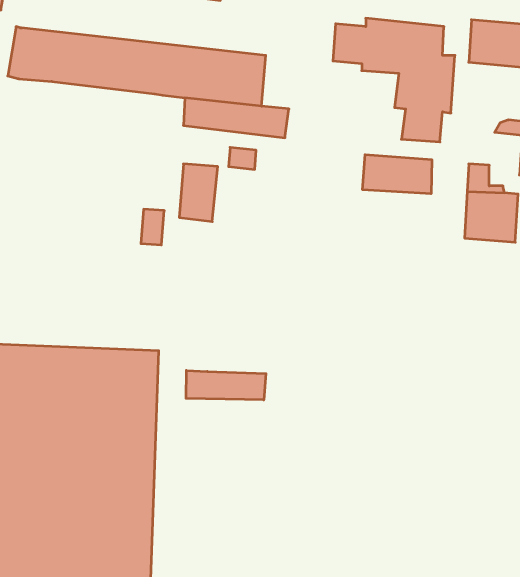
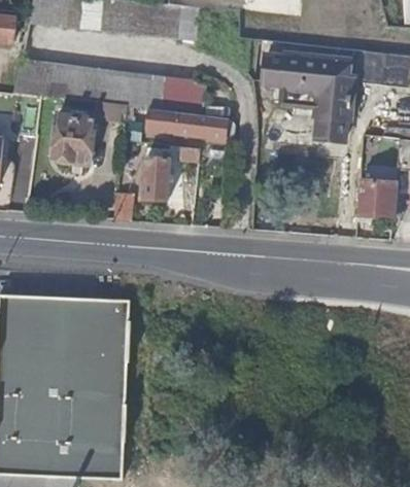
building: none -> [53,117,94,168]
building: [363,155,432,194] -> none
building: [186,370,266,400] -> none

